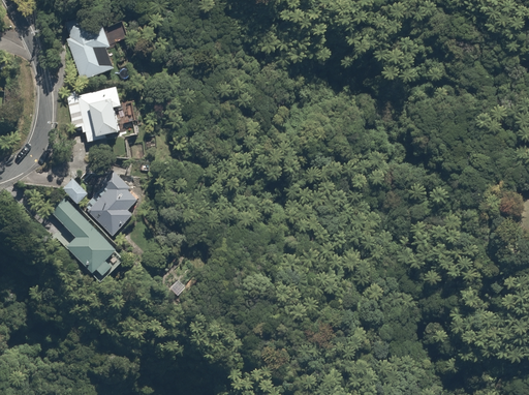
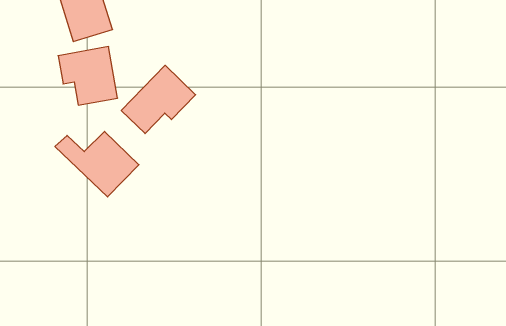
building: none -> [121,65,196,134]
building: [48,196,118,281] -> none

